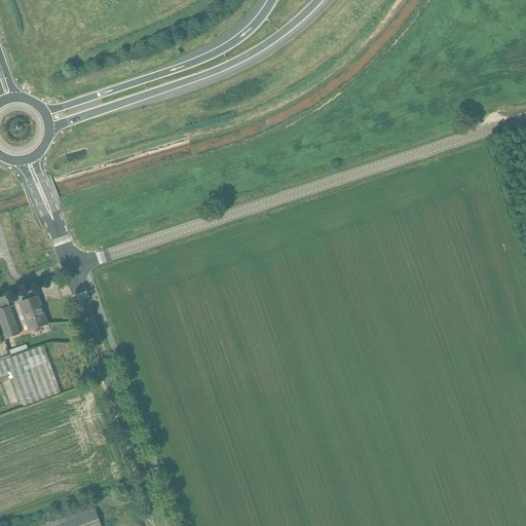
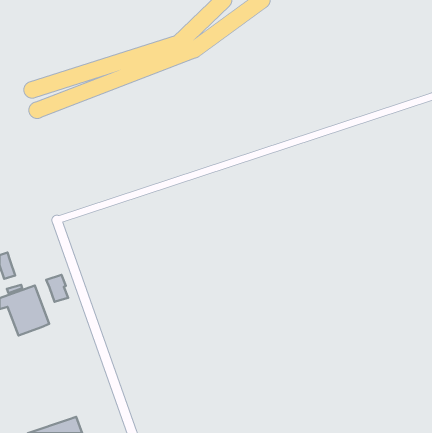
building: [18,297,45,330] -> [46,275,68,302]

